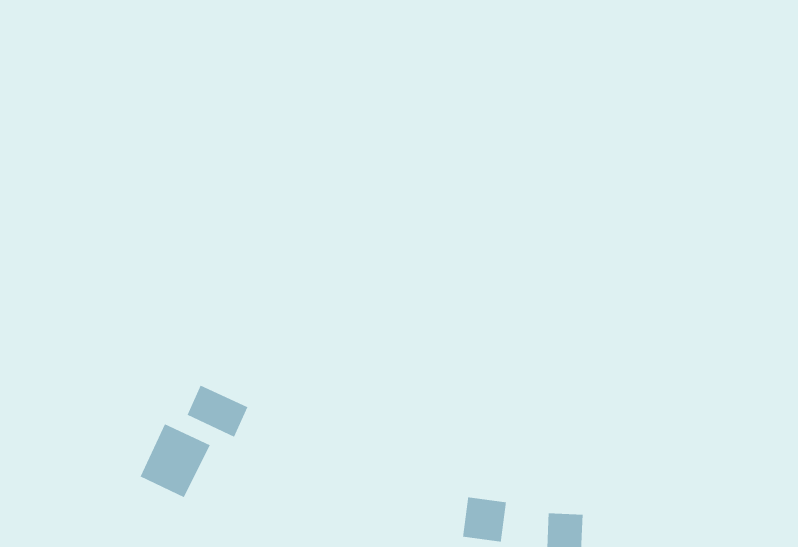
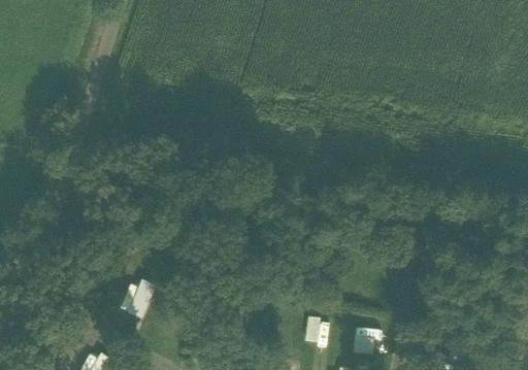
building: [186,384,248,438] -> none

